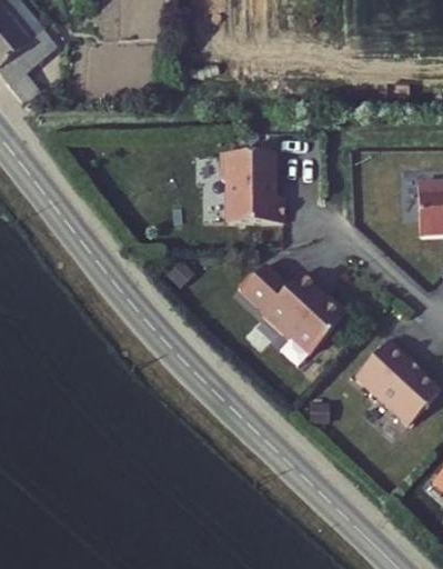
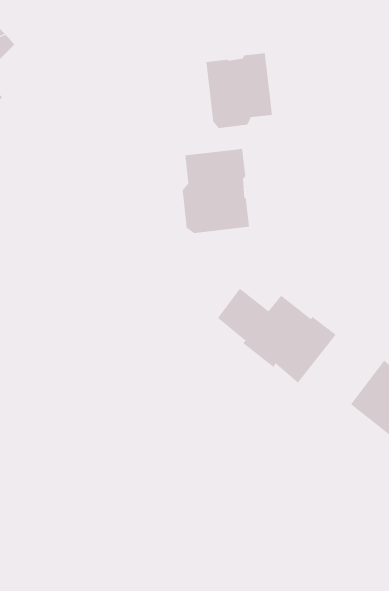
building: none -> [206,52,273,129]

